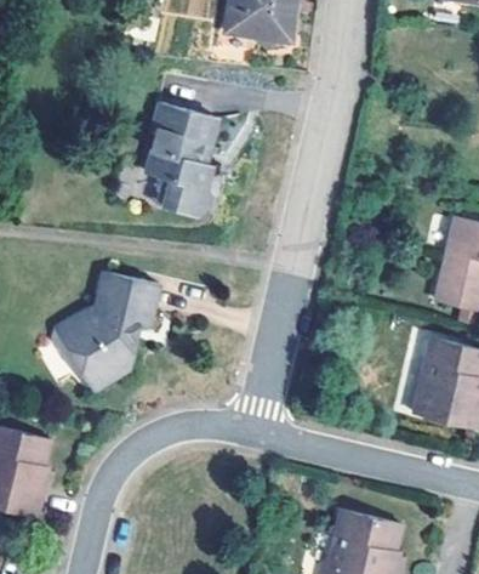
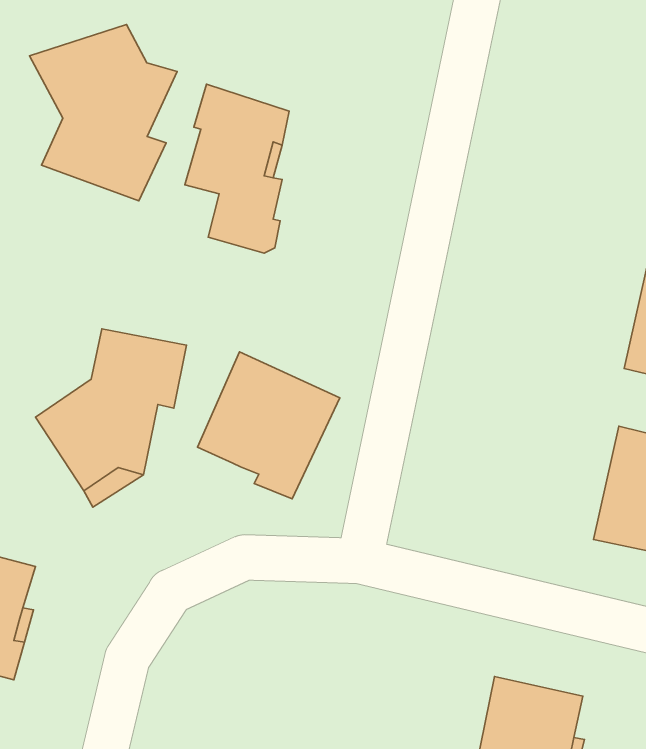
building: none -> [30,24,177,201]
building: none -> [198,352,340,499]

